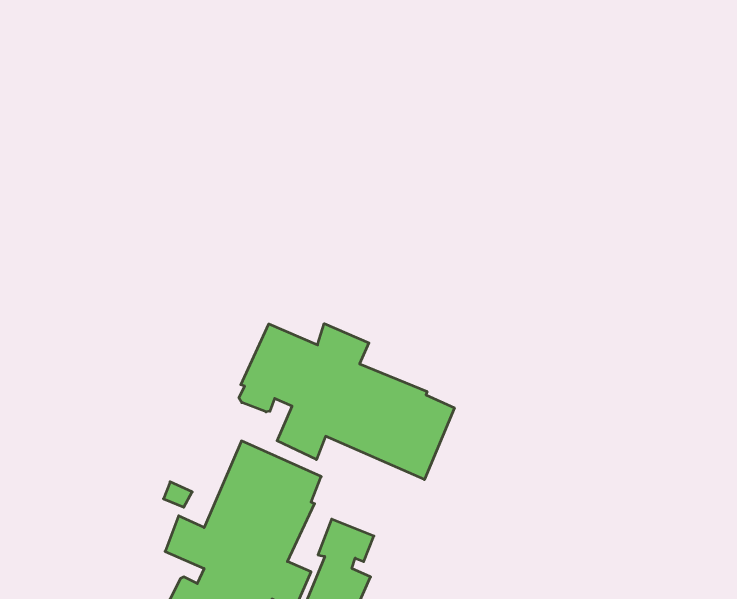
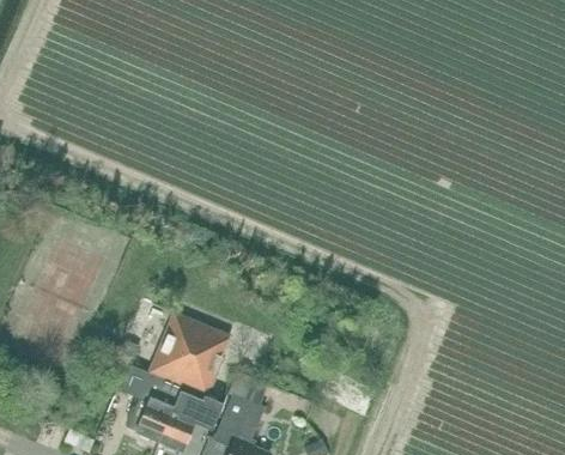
building: [239,324,454,480] -> none

